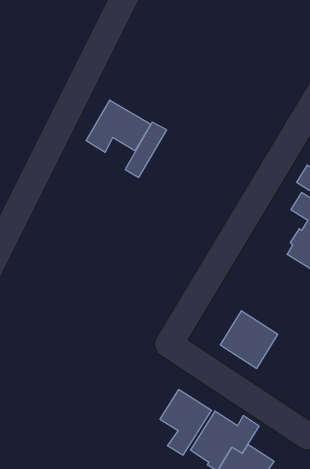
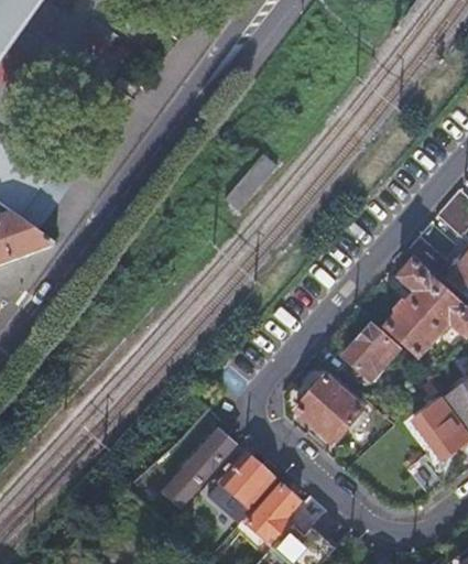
building: [86,100,151,152] -> none
building: none -> [341,324,395,379]
building: none -> [156,427,229,510]

